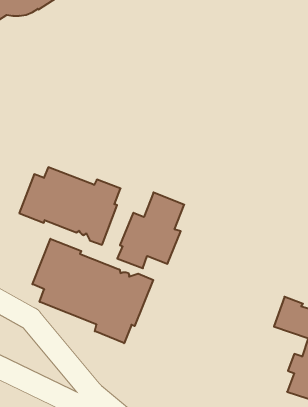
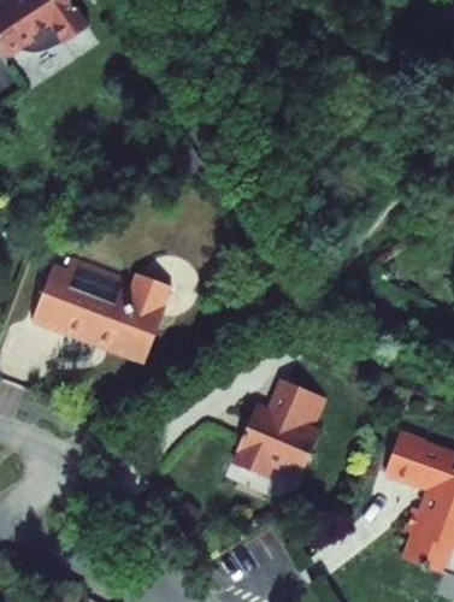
building: [117,192,184,268] -> [235,376,326,479]
building: [32,239,153,343] -> none

